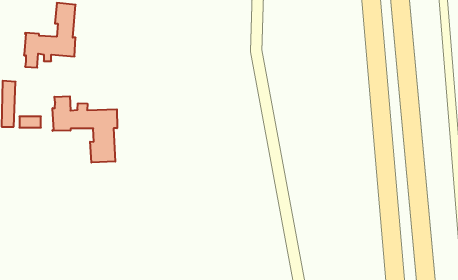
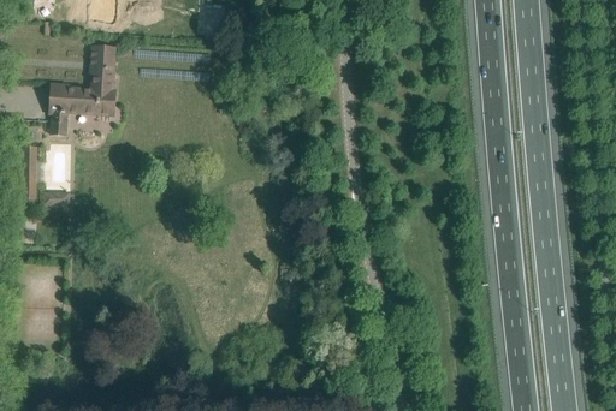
building: [53,96,117,163] -> none

